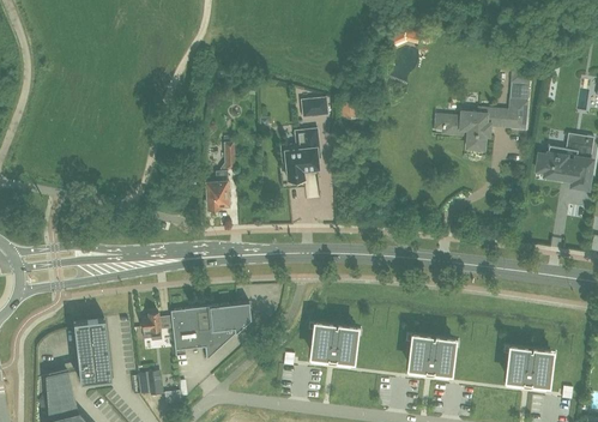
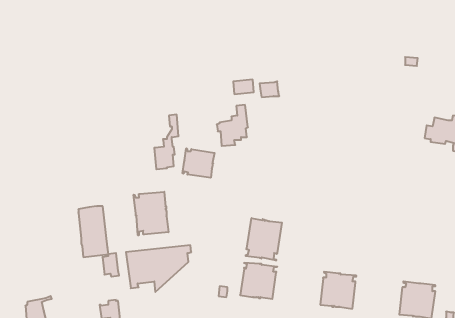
building: [443,101,526,150] -> none
building: none -> [183,148,215,178]
building: none -> [134,192,168,235]
building: none -> [246,218,282,261]
building: [74,319,111,381] -> [78,206,109,257]

